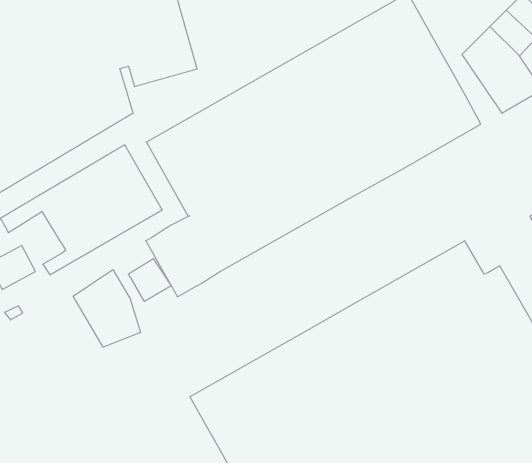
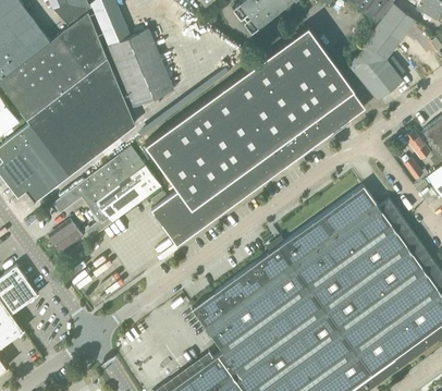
building: [128,258,171,301] -> none
building: [73,270,141,347] -> none

